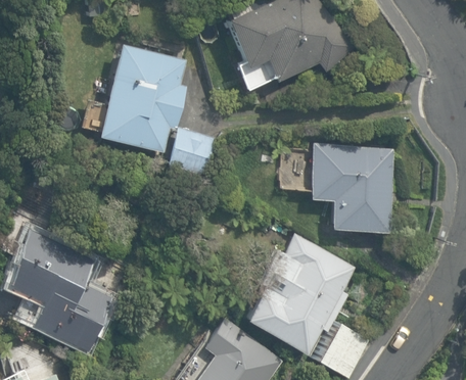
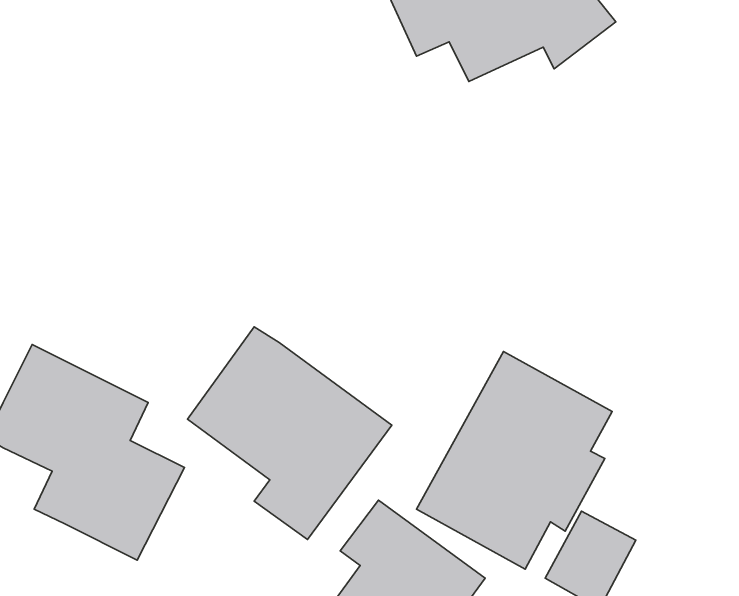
building: [95,45,222,172] -> none
building: [309,144,395,233] -> none
building: none -> [187,327,392,540]

